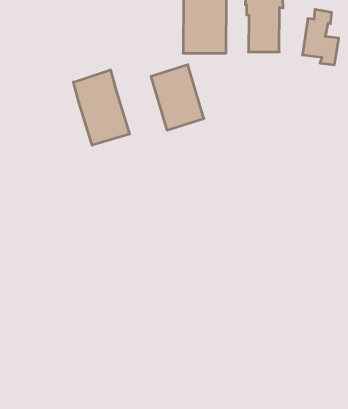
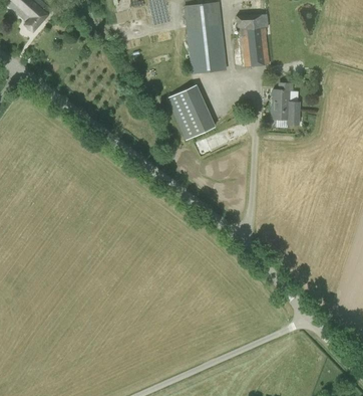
building: [302,9,339,65] -> [271,81,299,125]
building: [73,70,130,145] -> none

